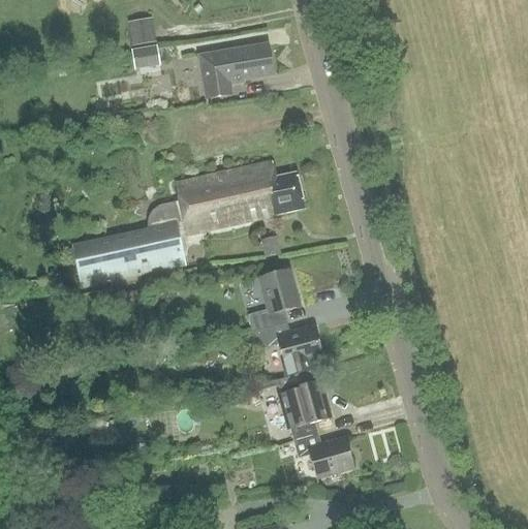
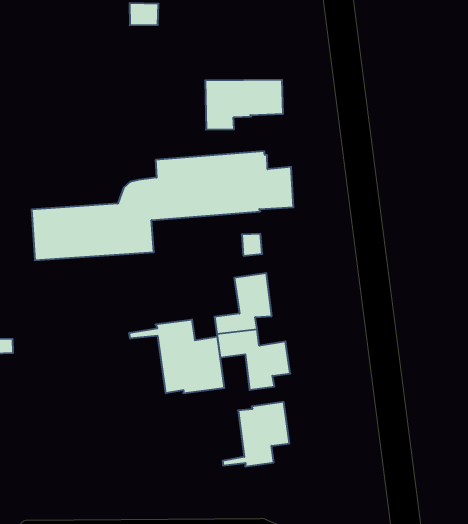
building: [199,41,273,95] -> [205,80,283,130]
building: none -> [129,319,224,393]
building: [294,434,353,475] -> none

